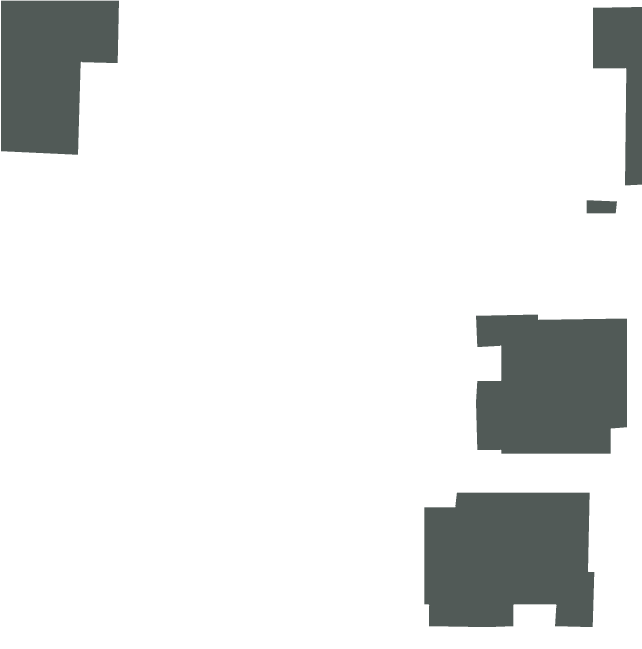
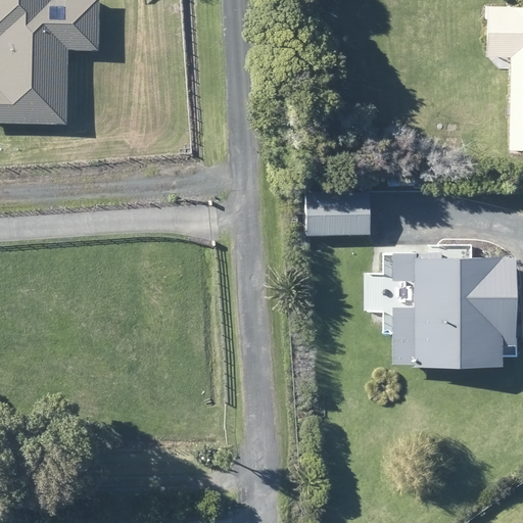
building: none -> [305,192,369,235]
building: [424,492,595,628] -> none

